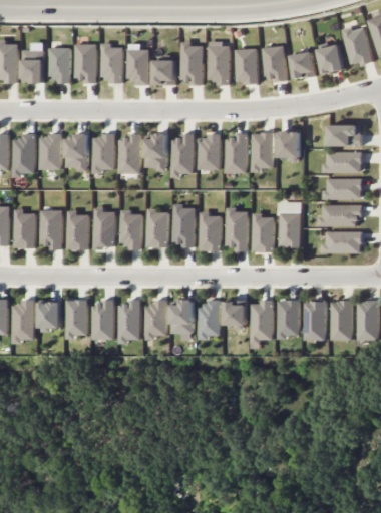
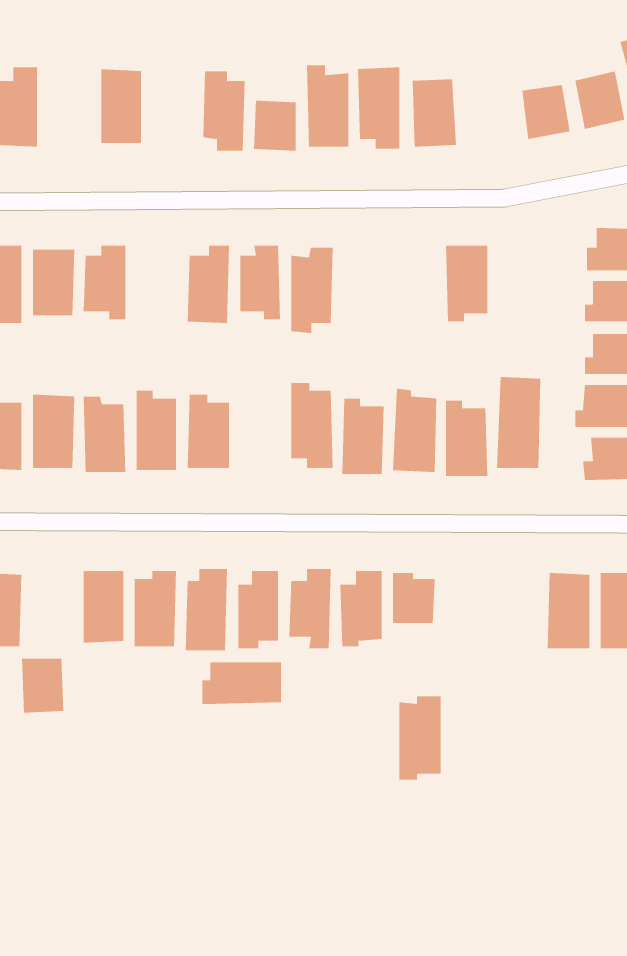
building: [101,43,123,83] -> none
building: [261,45,287,81] -> none
building: [48,47,70,81] -> none
building: [279,131,300,161] -> none
building: [199,133,221,169] -> none
building: [226,133,248,172] -> none
building: [93,135,115,173] -> none
building: [146,208,167,247] -> none
building: [251,300,273,343] -> [398,696,441,780]
building: [277,300,299,339] -> none
building: [39,302,61,330] -> [21,658,64,713]
building: none -> [202,662,281,705]

